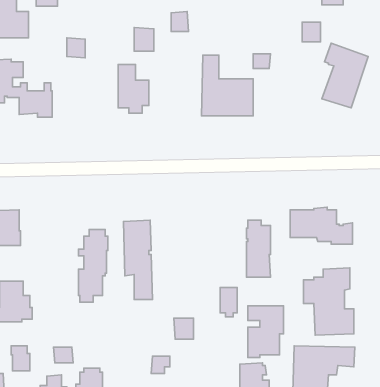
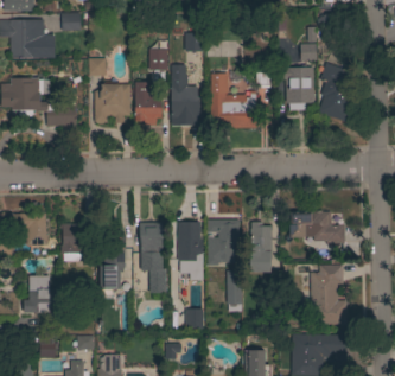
building: none -> [282,65,314,110]
building: none -> [95,82,130,123]
building: none -> [171,87,200,125]
building: none -> [178,222,203,274]
building: none -> [60,223,84,261]
building: [248,306,283,357] -> [208,219,240,266]

